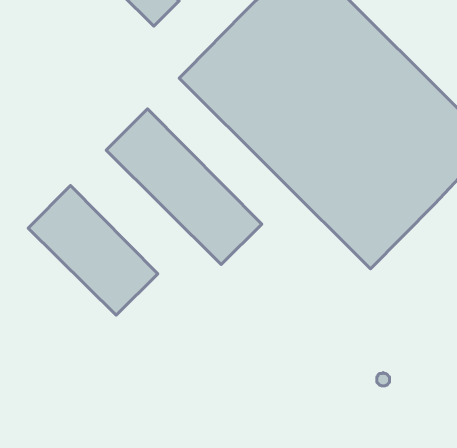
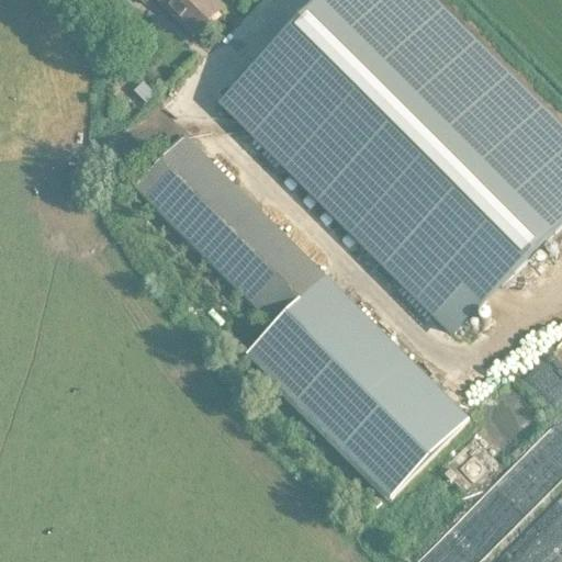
building: [28,186,158,315] -> none
building: none -> [245,273,465,494]

